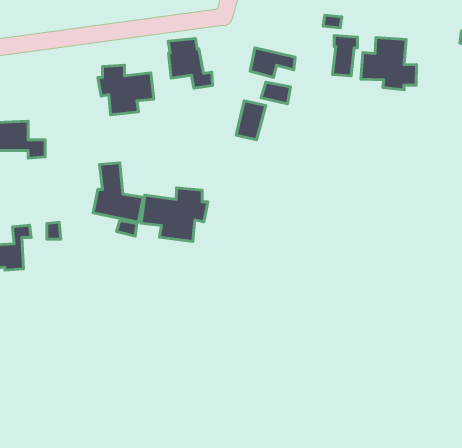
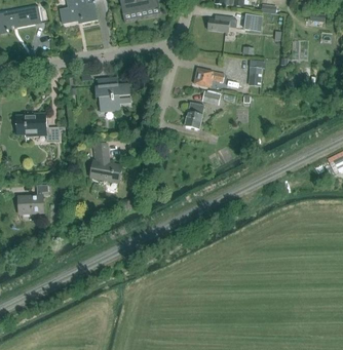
building: [361,37,417,90] -> none
building: [168,38,213,88] -> none
building: [141,188,208,241] -> none

